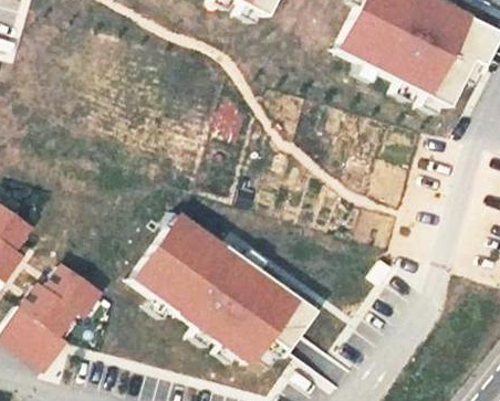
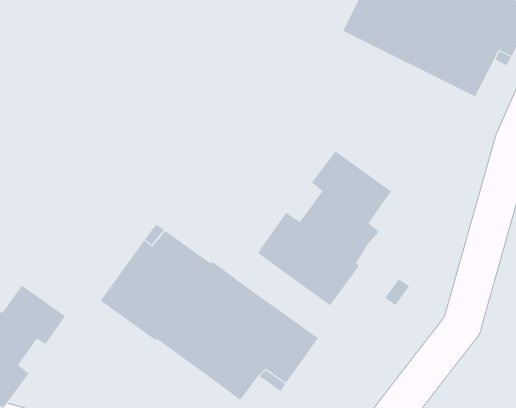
building: none -> [258,150,392,306]

